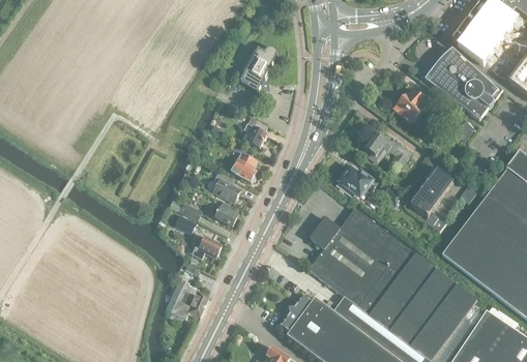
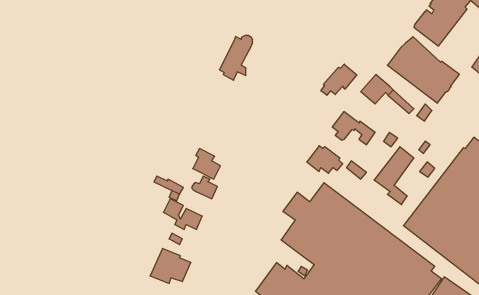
building: none -> [321,64,357,95]
building: [244,117,267,147] -> none
building: [231,143,258,180] -> none

